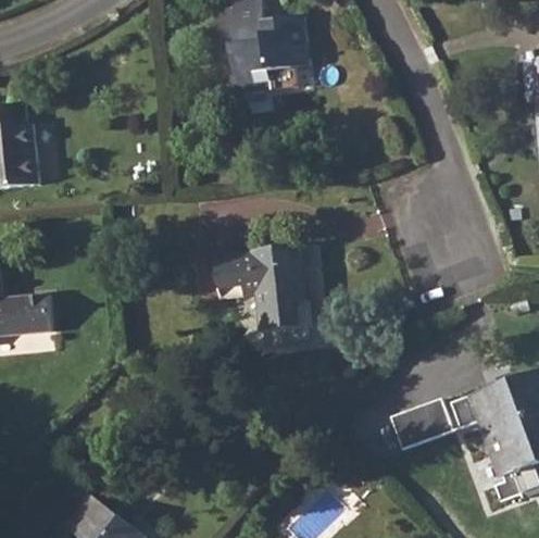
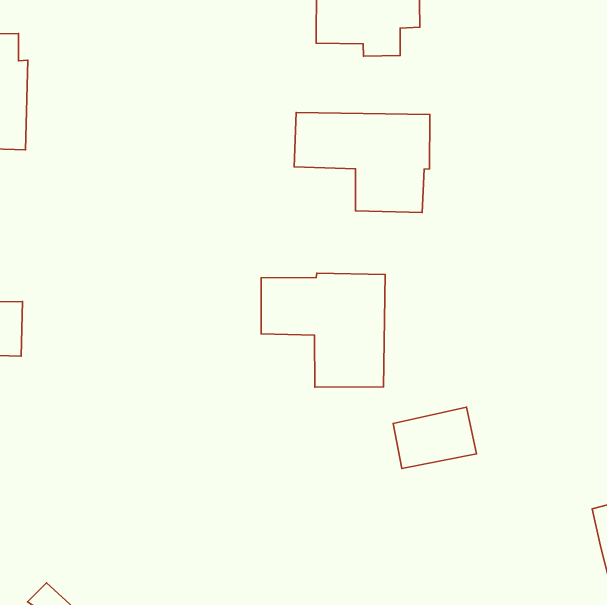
building: none -> [294,113,430,212]
building: [393,398,455,447] -> [393,407,477,468]

